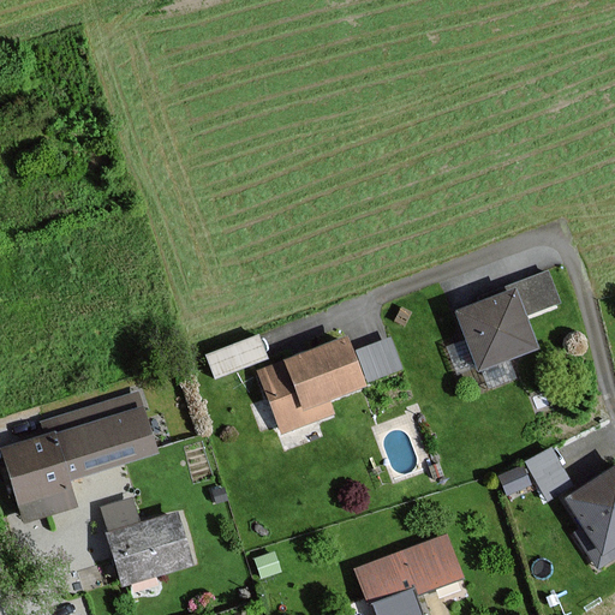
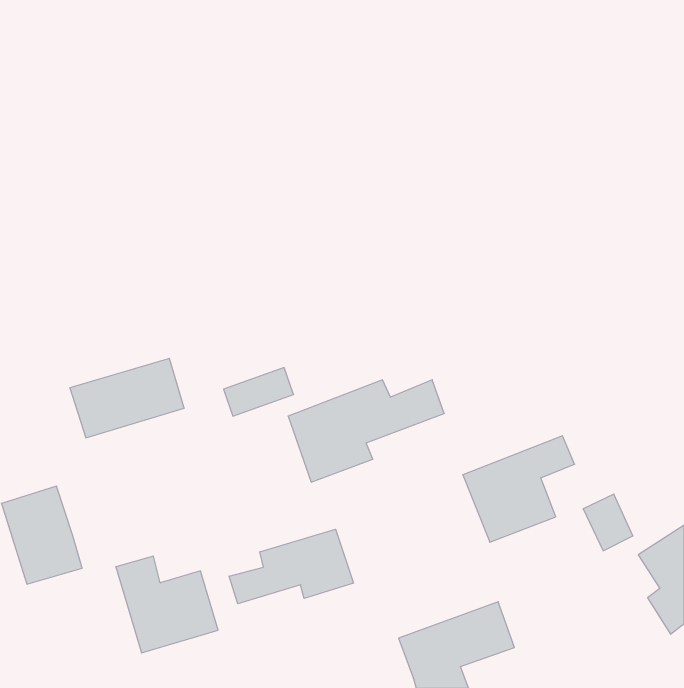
building: [456,274,556,369] -> [463,436,575,542]
building: [50,407,153,478] -> [70,358,184,438]
building: none -> [229,529,354,604]

